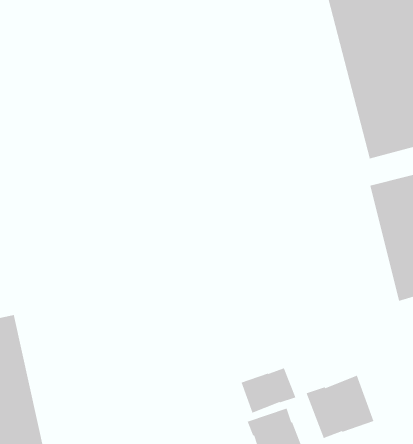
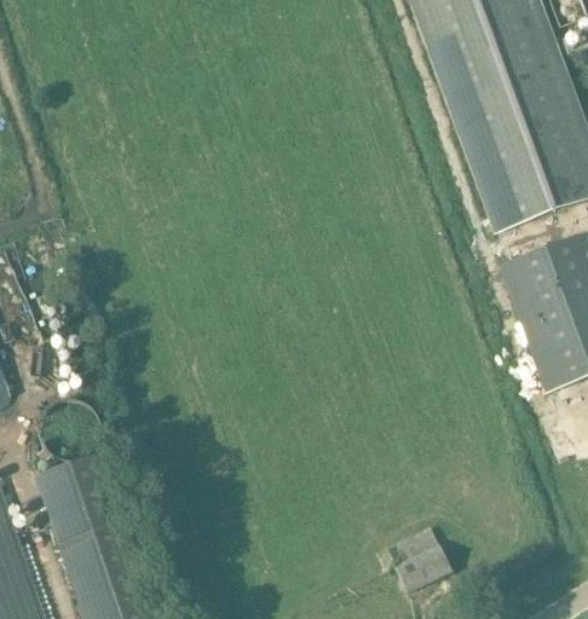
building: [241,367,296,413] -> none
building: [306,375,374,439] -> none

